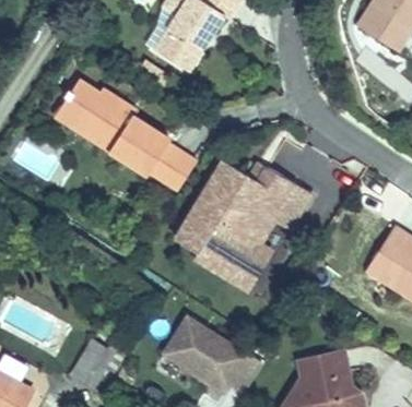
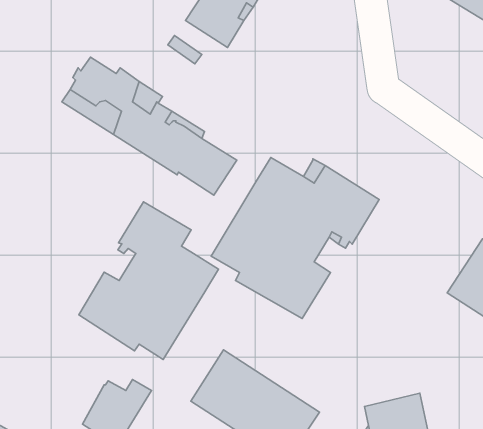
building: none -> [79,202,218,360]

